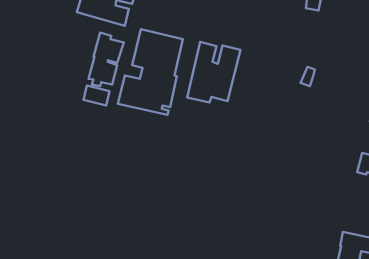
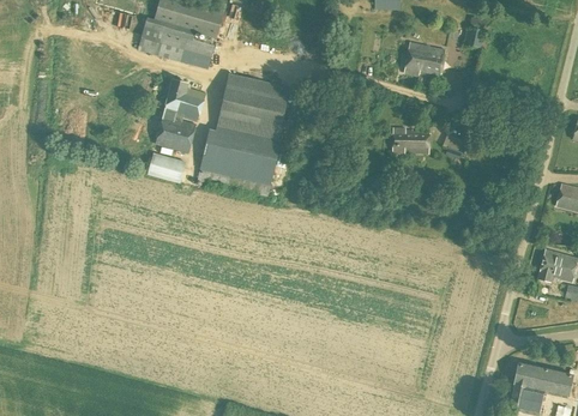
building: none -> [404,41,445,78]
building: [187,42,240,102] -> none
building: none -> [392,127,429,153]

